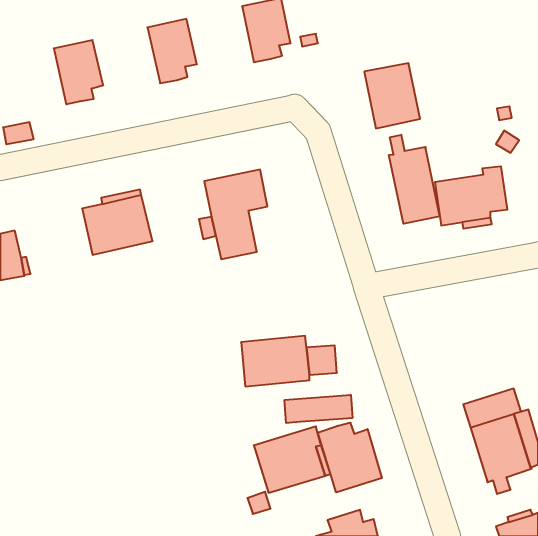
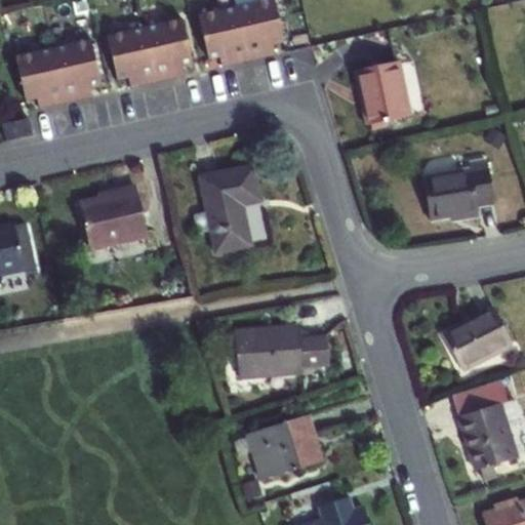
building: none -> [198,6,247,67]
building: none -> [107,27,156,87]
building: none -> [14,47,65,108]
building: [389,135,439,224] -> none
building: none -> [443,309,511,369]
building: [285,395,352,423] -> none
building: [318,423,382,492] -> none

